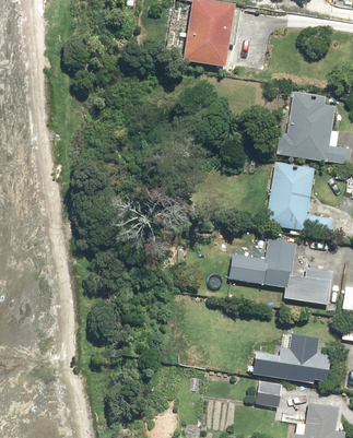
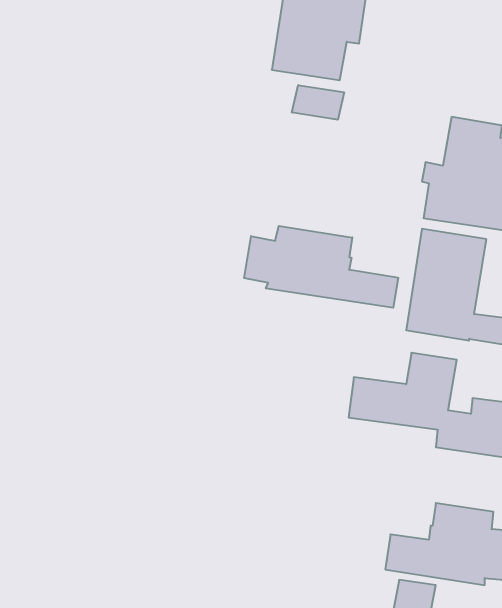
building: none -> [292,85,344,120]
building: none -> [244,226,398,308]

